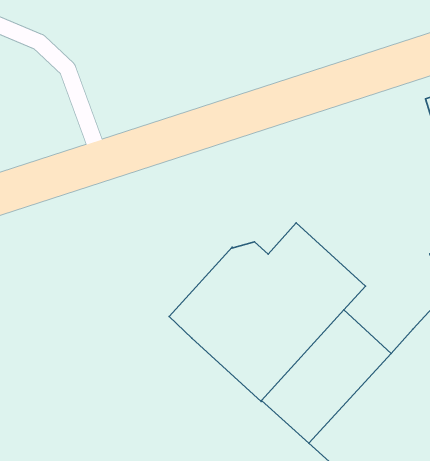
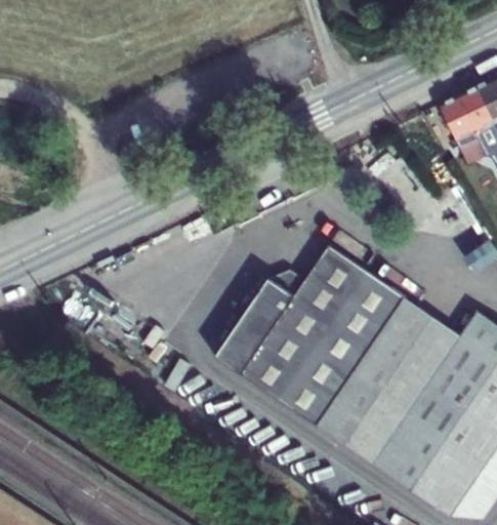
building: none -> [388,299,460,363]

